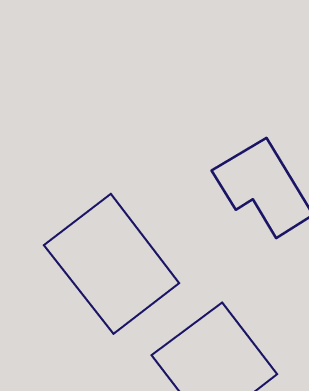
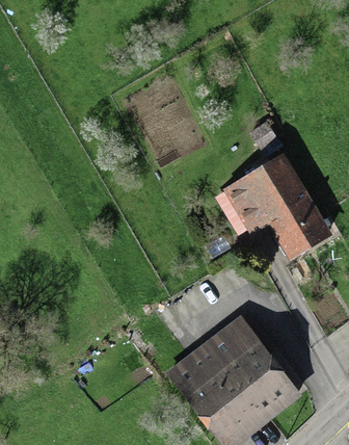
building: [44,194,179,334] -> none

